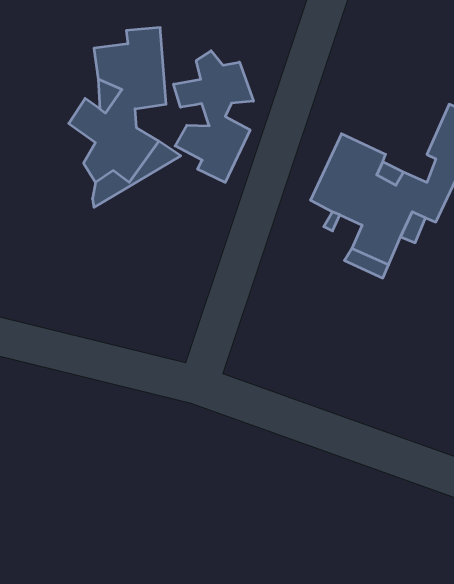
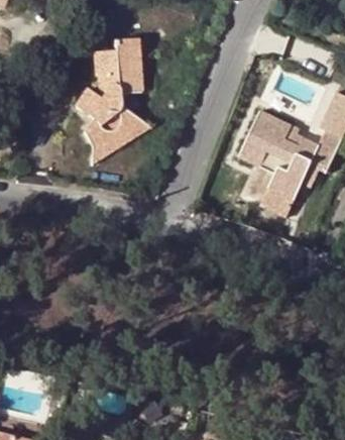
building: [174,51,253,182] -> none

